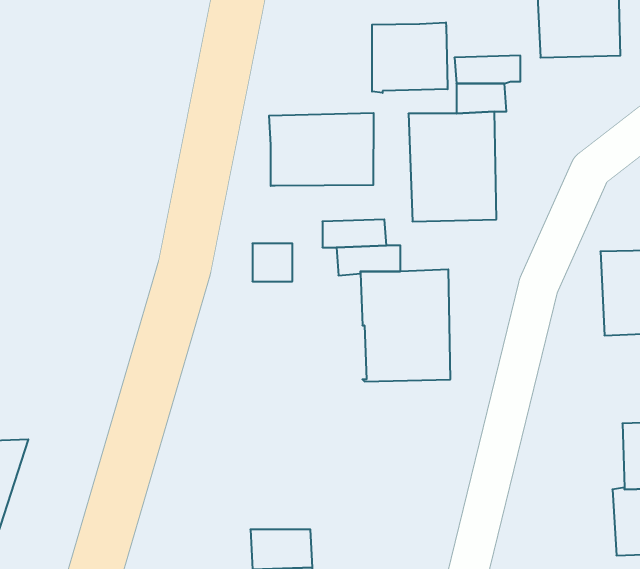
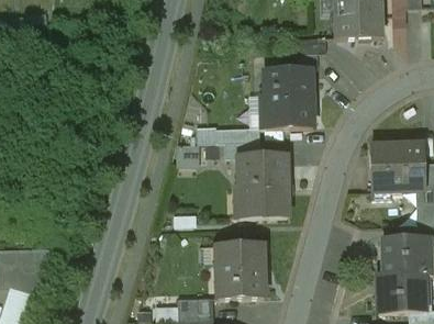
building: [372,22,448,93] -> none
building: [269,113,374,186] -> none
building: none -> [216,243,265,299]

